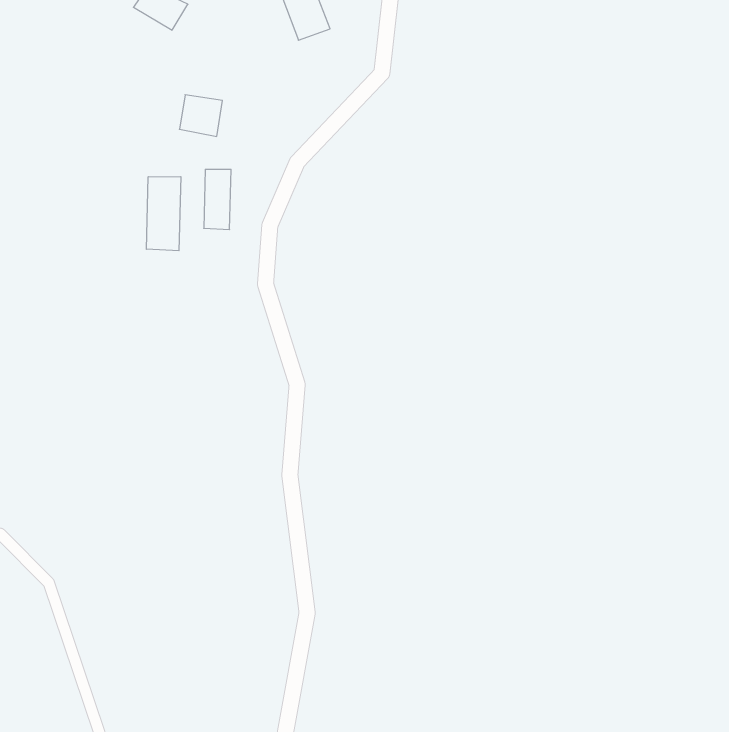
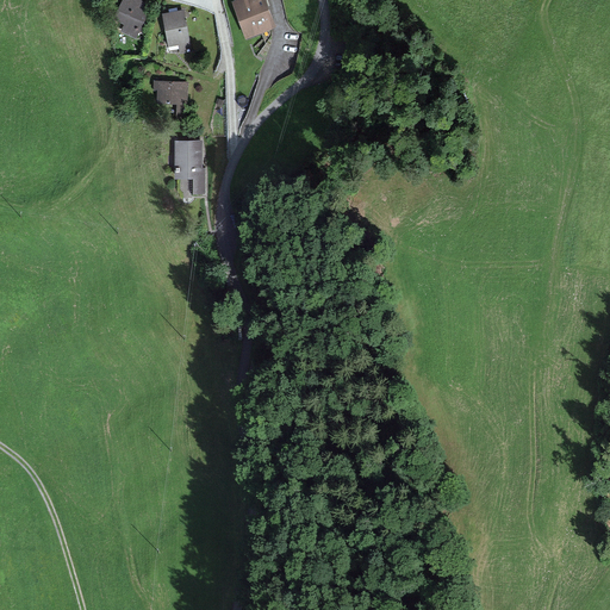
building: none -> [164,10,187,49]
building: [146,177,181,251] -> none

